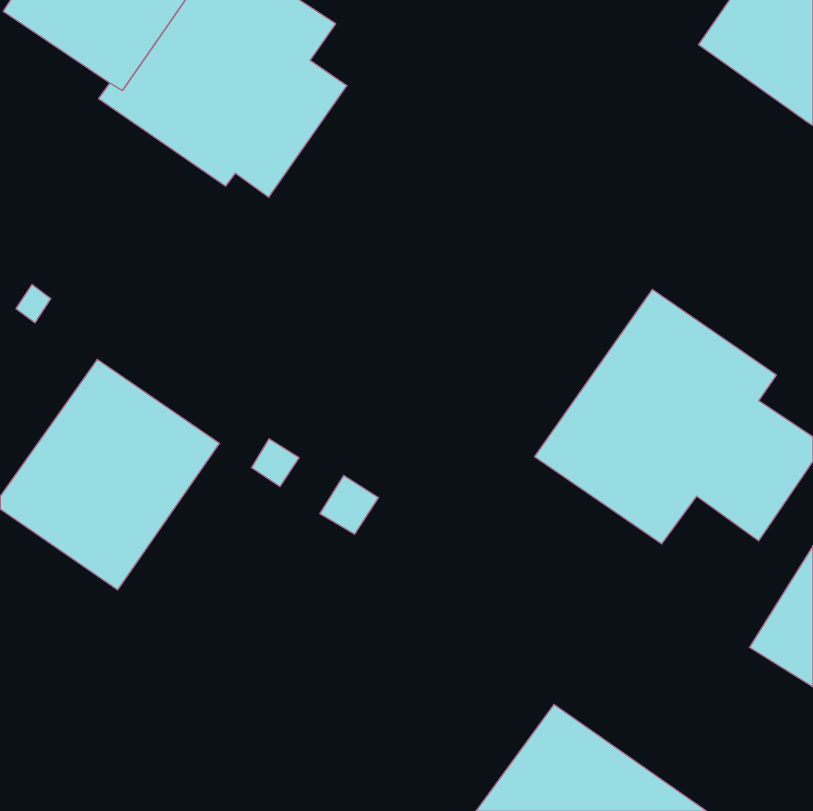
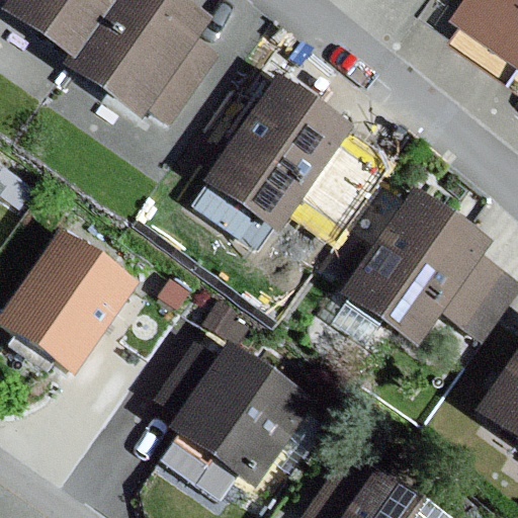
building: none -> [204,73,367,252]
building: none -> [154,341,315,487]

